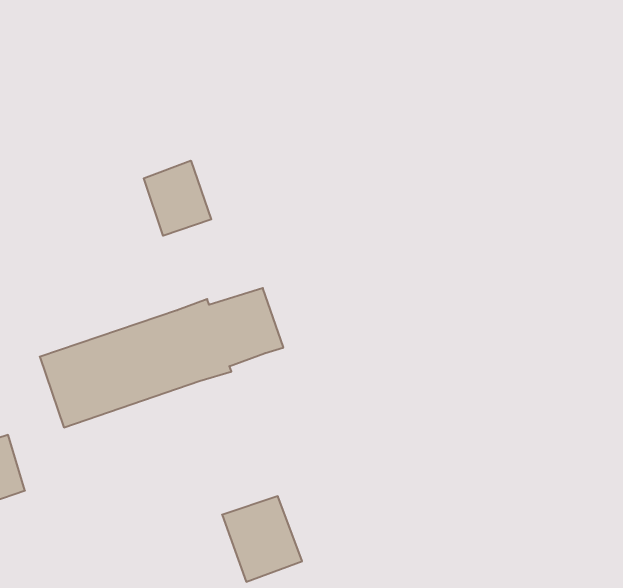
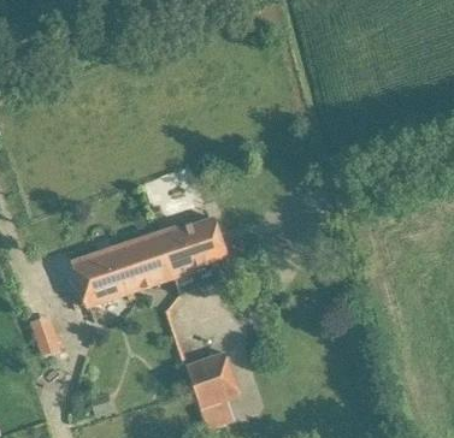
building: [144,161,211,236] -> none

